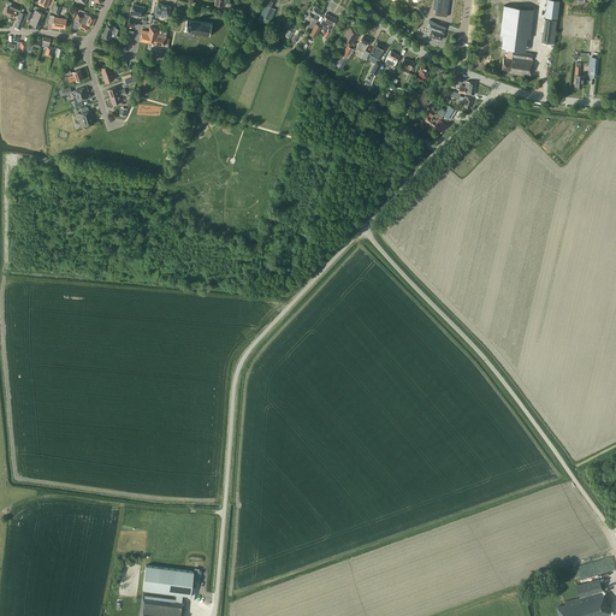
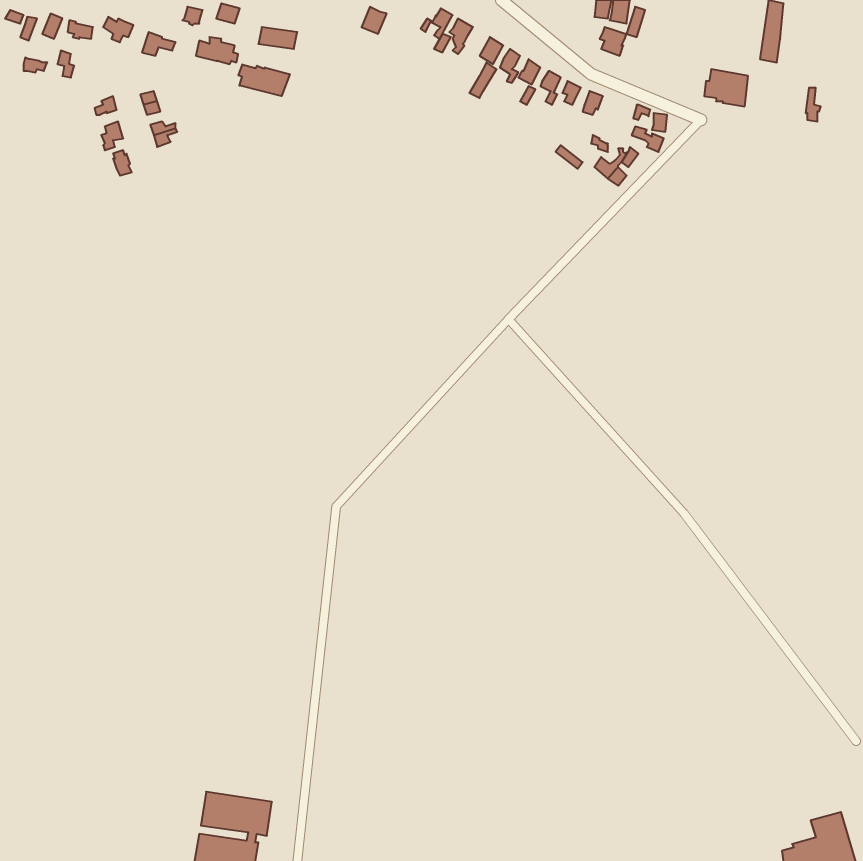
building: [499,6,534,52] -> none
building: none -> [238,64,290,96]

